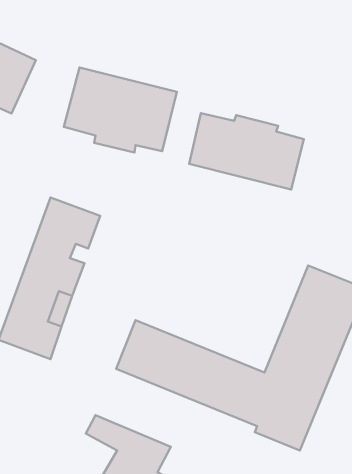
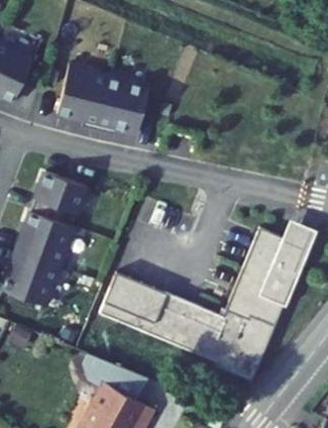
building: [189,113,304,189] -> none

